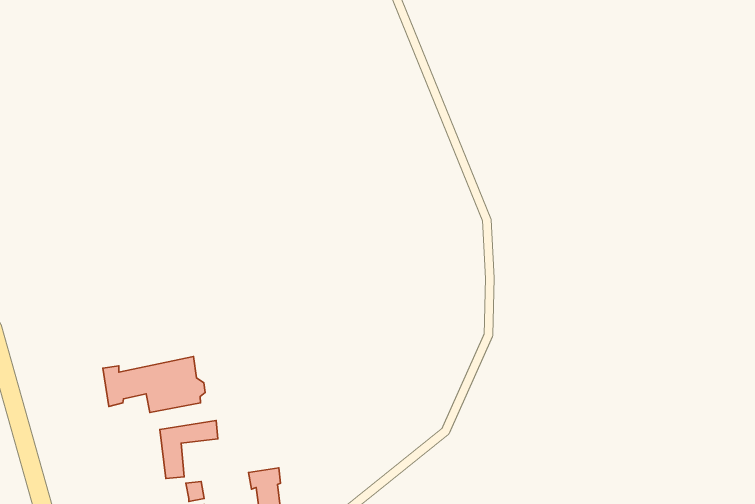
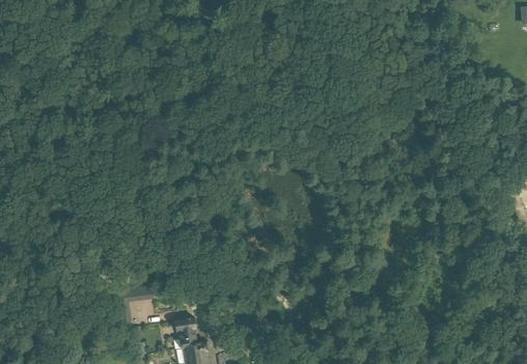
building: [103,357,205,412] -> none

